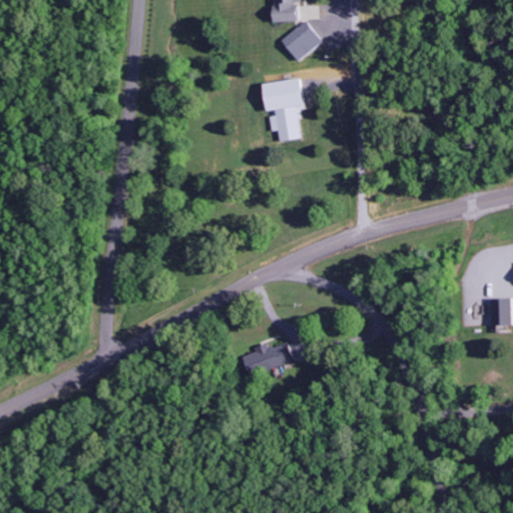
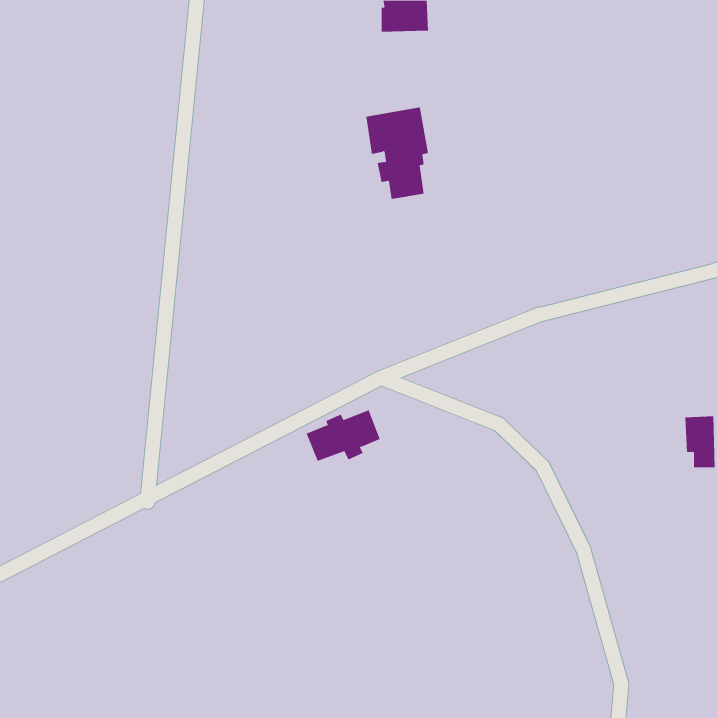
building: [281,26,313,57] -> none
building: [240,340,294,377] -> [306,410,380,462]

